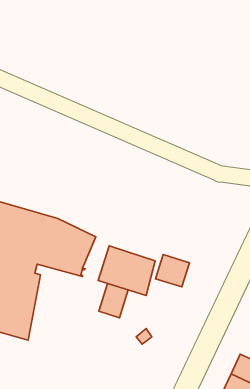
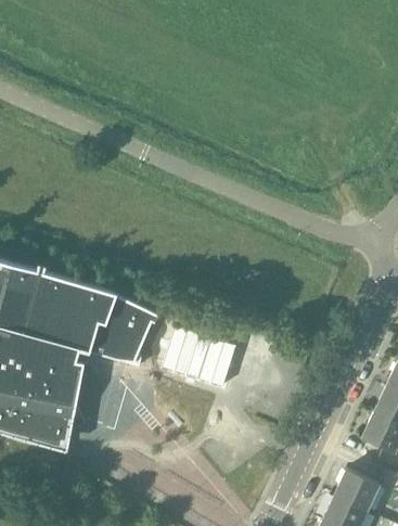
building: [155,255,189,287] -> none
building: [99,283,128,318] -> none

